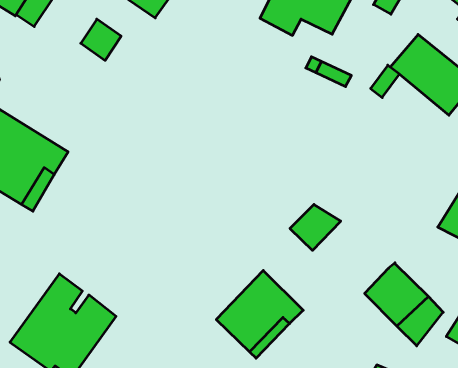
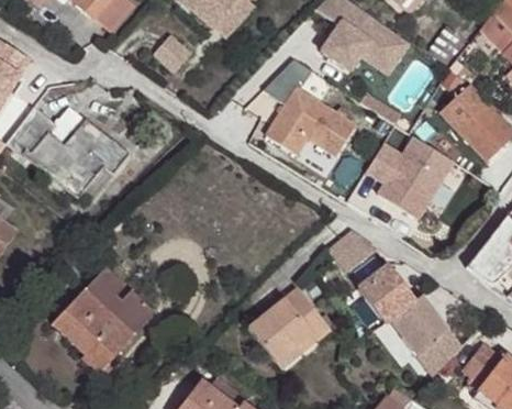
building: none -> [261,60,355,155]
building: none -> [367,136,454,218]
building: none -> [357,265,415,323]

